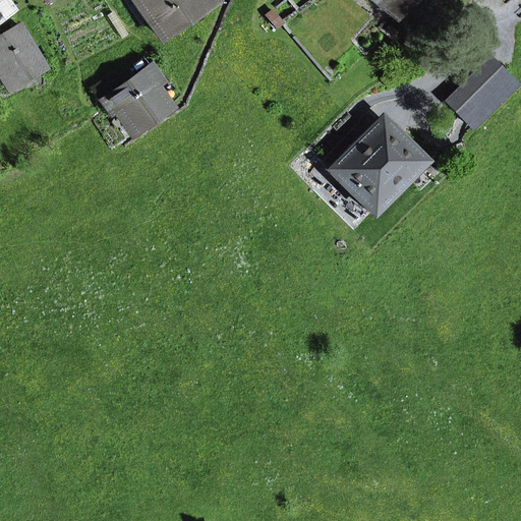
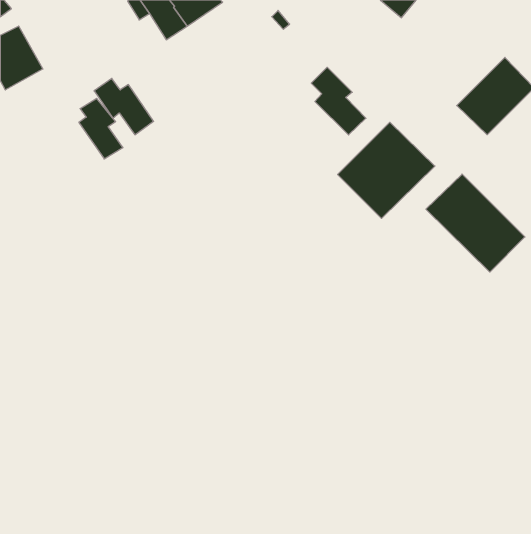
building: [128,59,171,118] -> [79,98,123,159]
building: none -> [311,67,366,135]
building: none -> [426,174,525,272]

